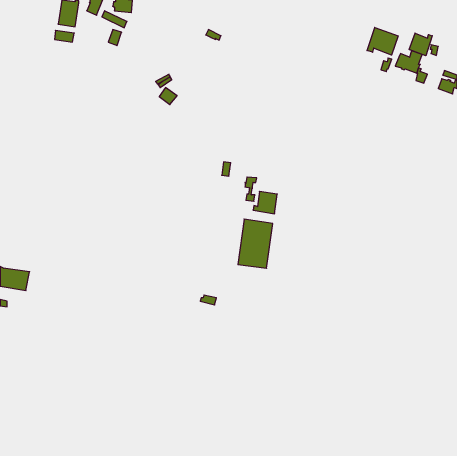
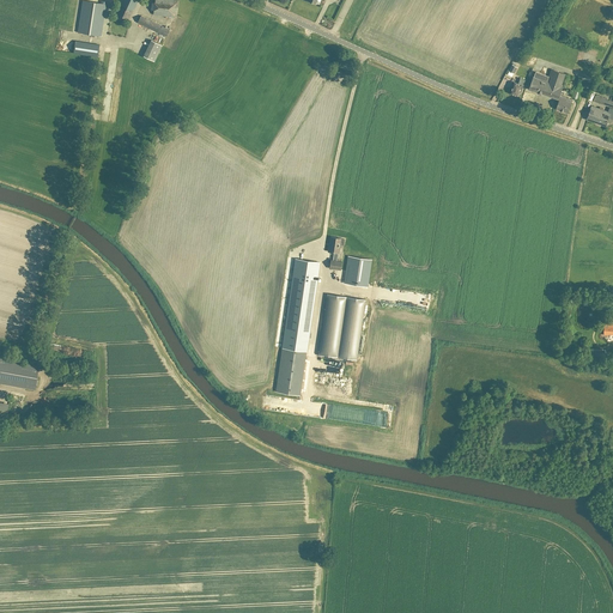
building: [367,27,398,55] -> none
building: [409,33,432,56] -> none
building: none -> [275,259,320,395]

